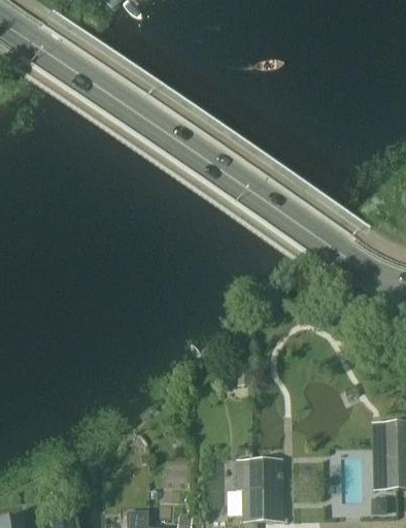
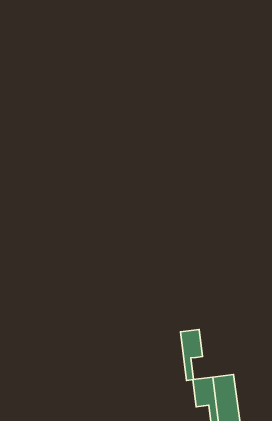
building: none -> [181,329,203,380]

